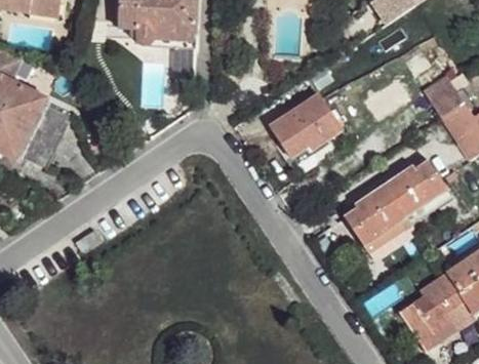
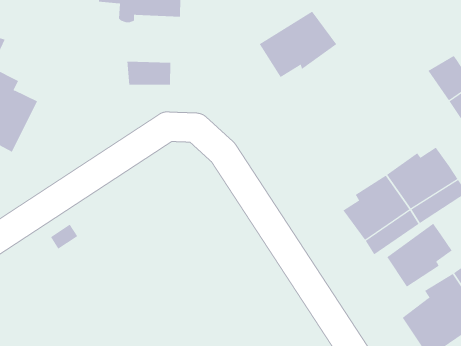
building: none -> [127,61,171,85]
building: [271,92,343,154] -> [259,11,337,78]
building: none -> [387,223,452,288]

